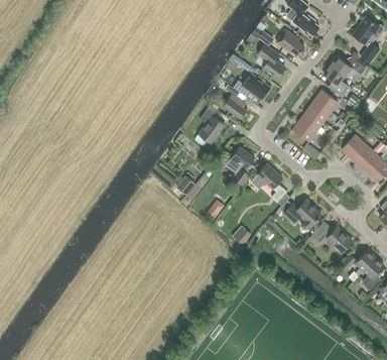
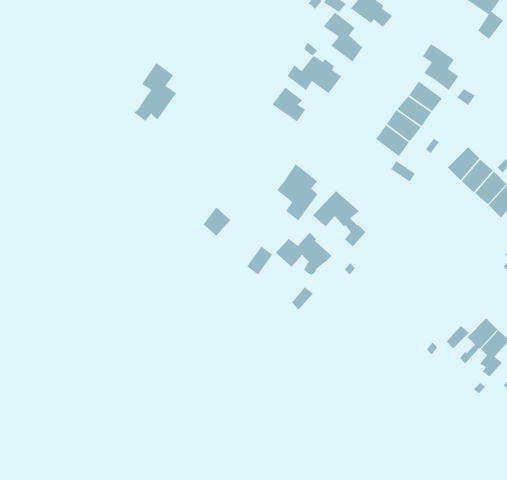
building: [331,55,366,82] -> none
building: [196,104,225,144] -> [134,62,177,122]
building: [283,199,321,228] -> [275,232,332,275]
building: [312,221,352,251] -> none

